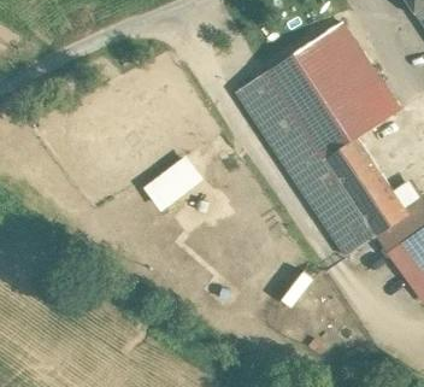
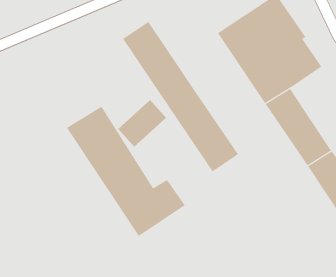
building: [234,71,376,256] -> [122,21,239,172]
building: none -> [66,106,186,237]

